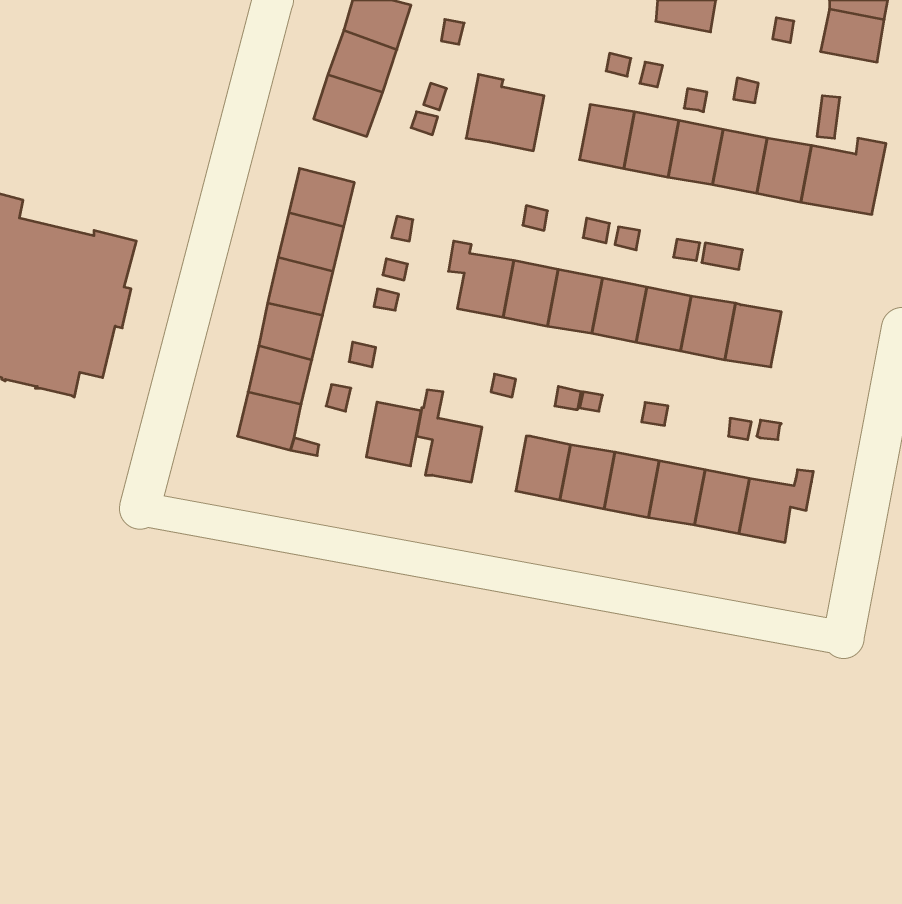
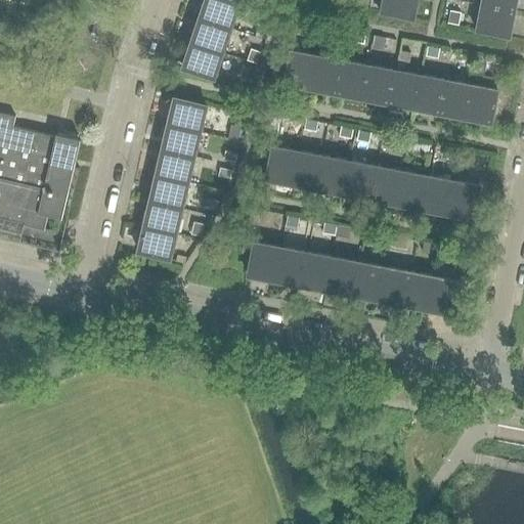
building: none -> [308,56,341,93]
building: none -> [445,181,487,218]
building: [366,402,421,466] -> [272,248,304,285]

